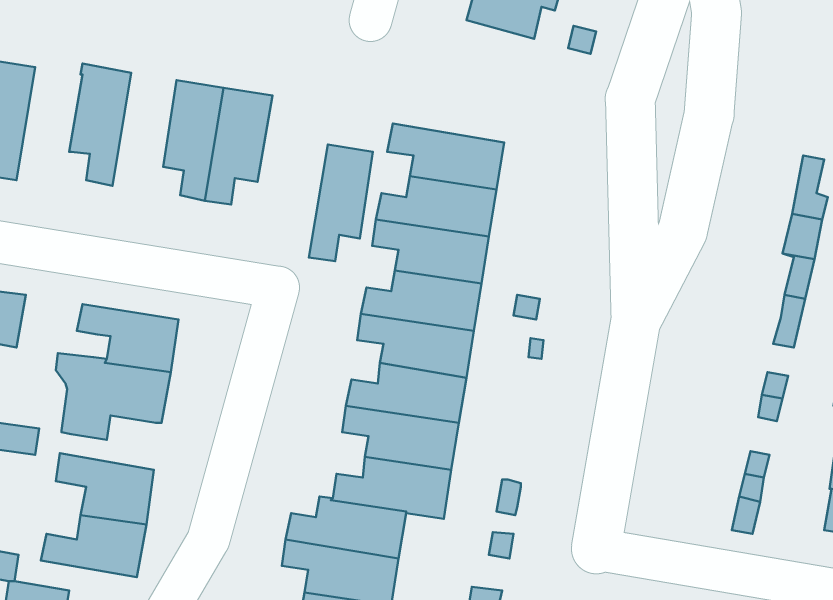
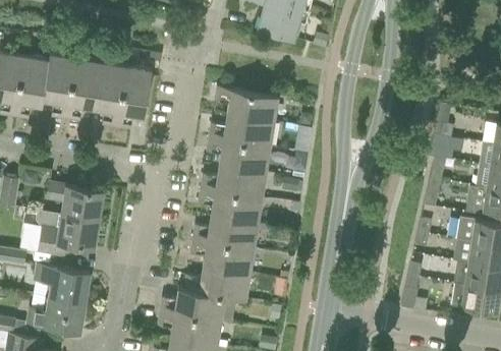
building: none -> [14,55,50,119]
building: [309,144,373,261] -> [66,58,101,121]

